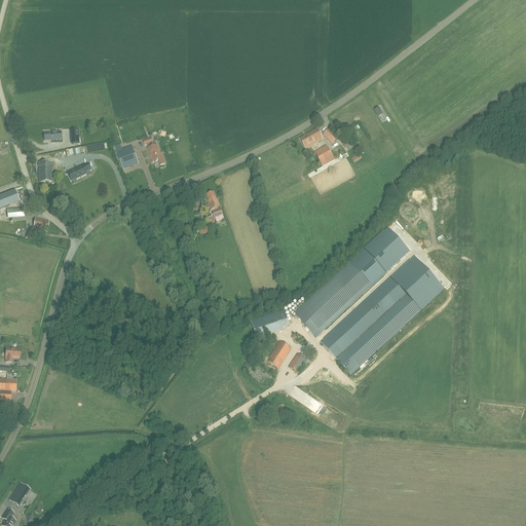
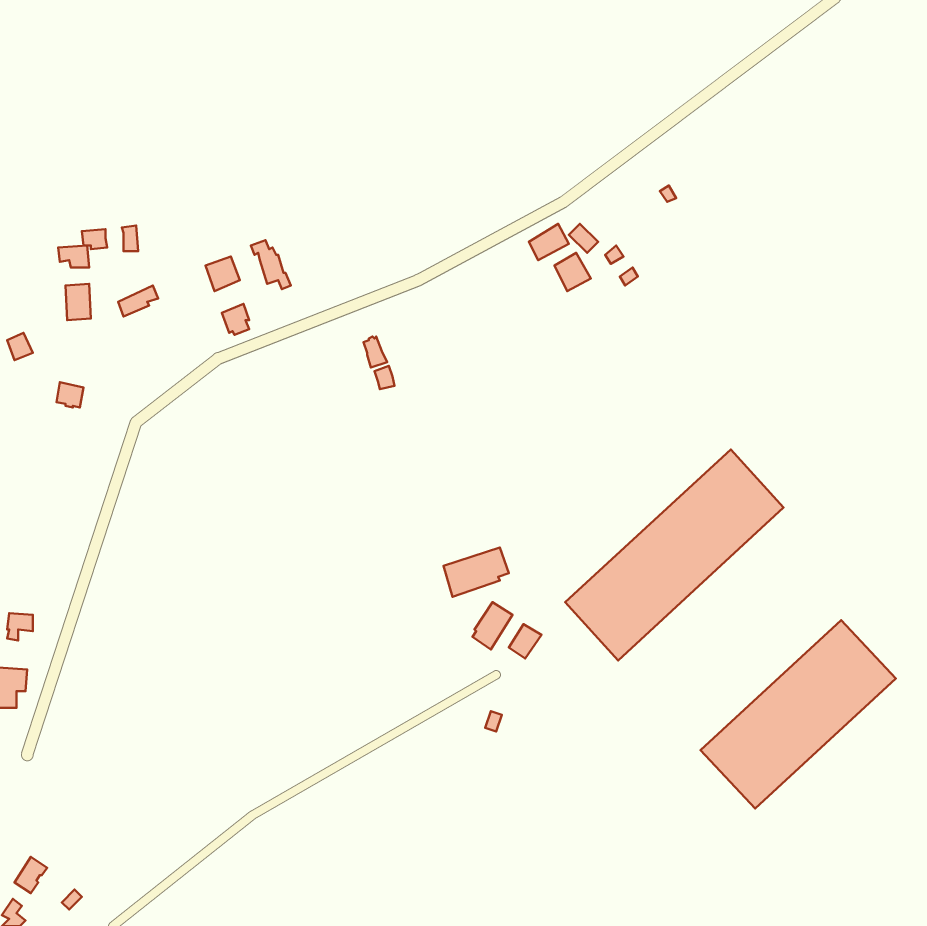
building: [294,225,408,335] -> none
building: none -> [700,620,896,809]

